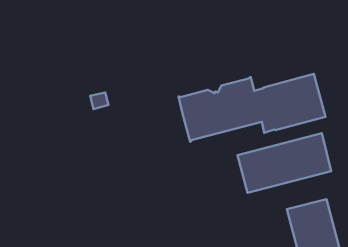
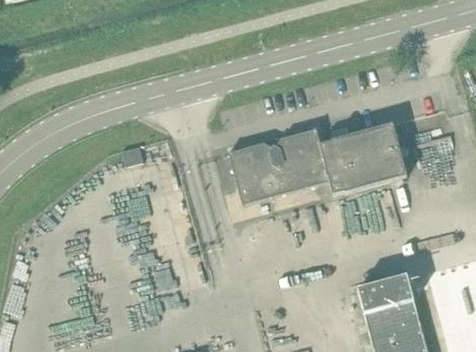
building: [237,133,331,193] -> none

